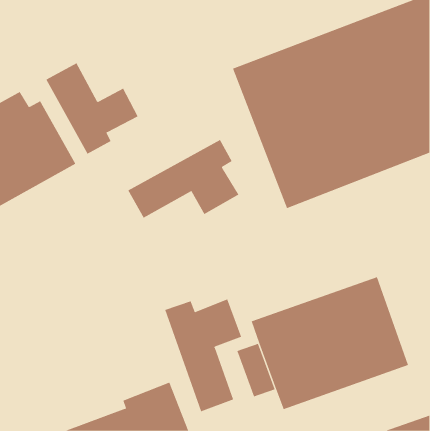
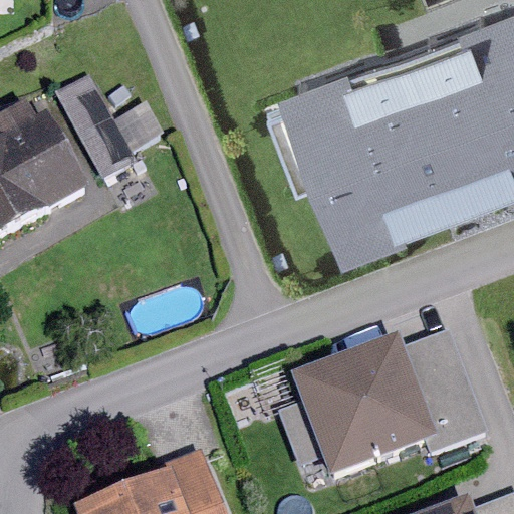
building: [128,139,239,218] -> none
building: [165,299,242,412] -> none

